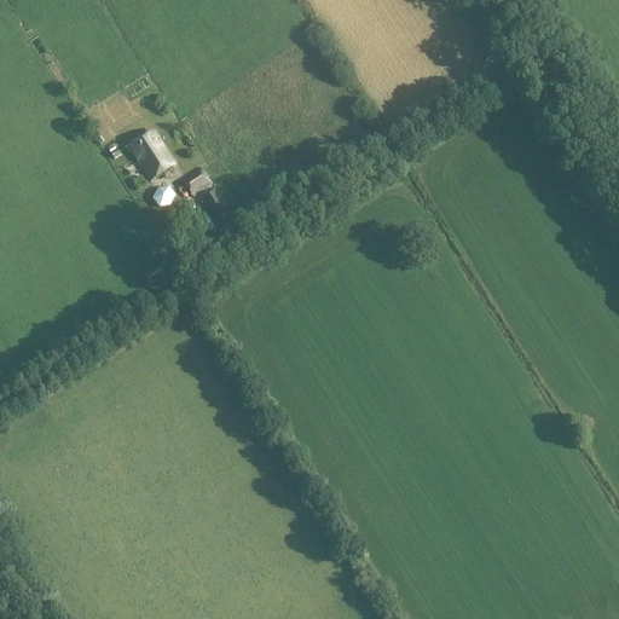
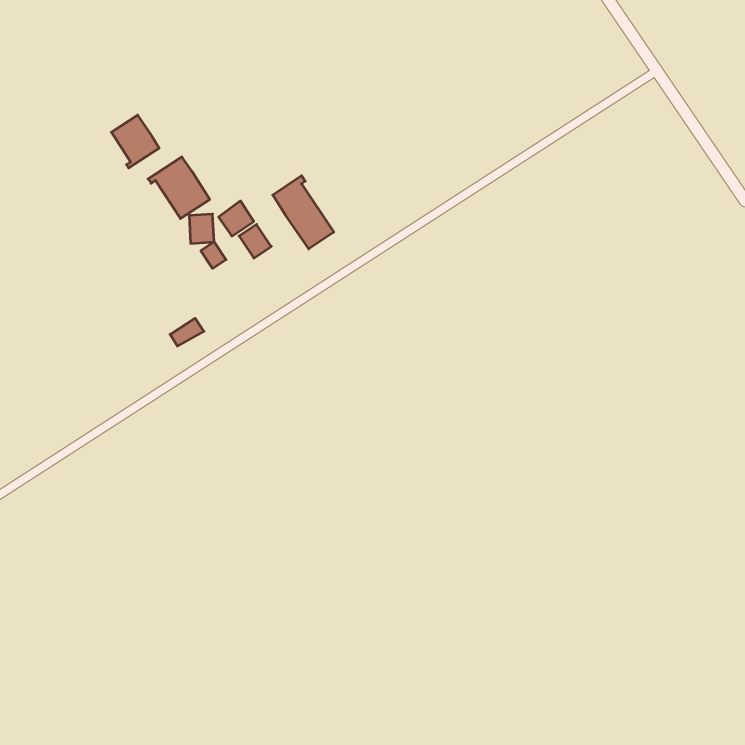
building: none -> [111,115,159,168]
building: none -> [273,176,334,249]

